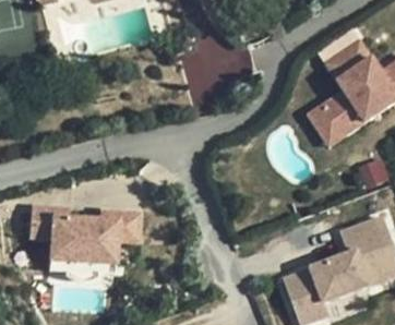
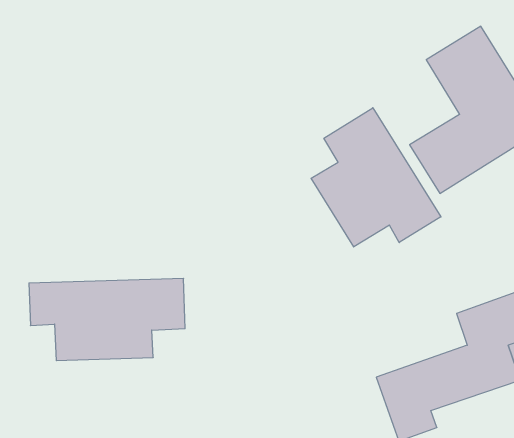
building: none -> [311,108,441,247]

